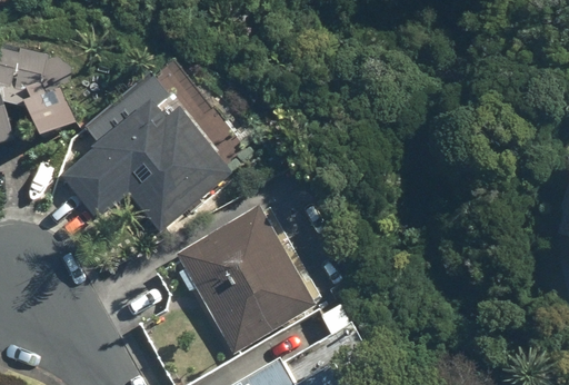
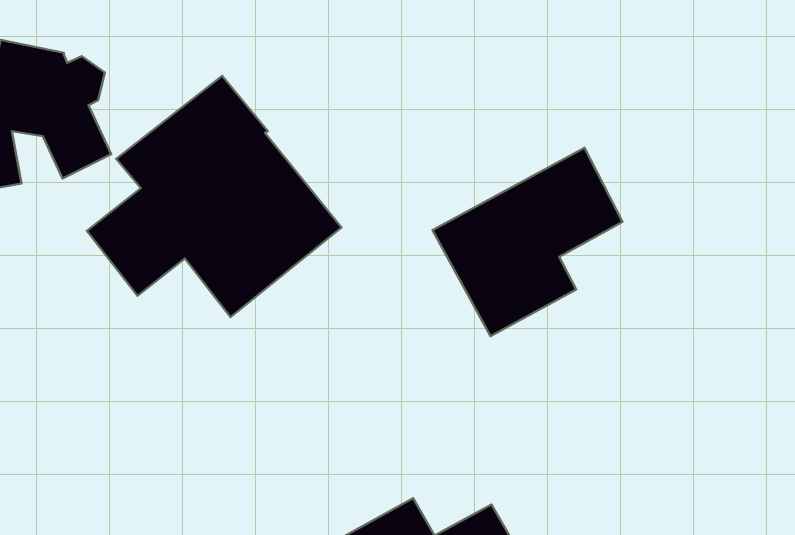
building: none -> [433,148,623,336]
building: [172,204,317,355] -> none

